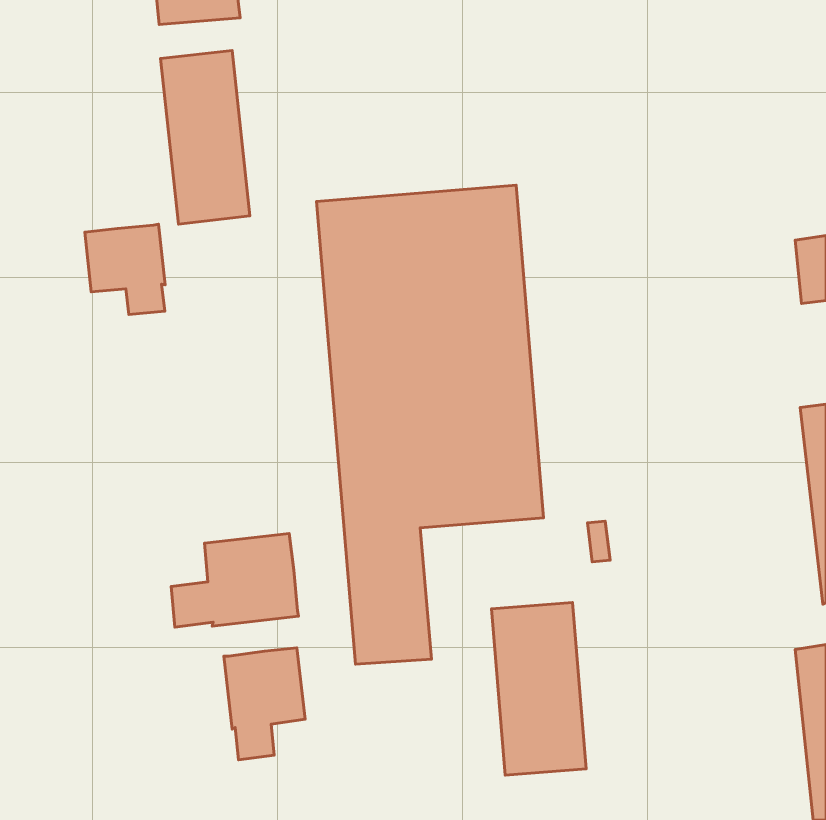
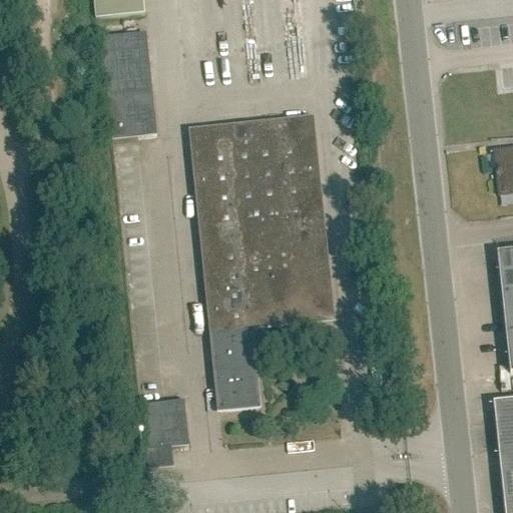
building: [85,224,165,314] -> none
building: [171,534,299,627] -> none
building: [491,602,586,775] -> none

